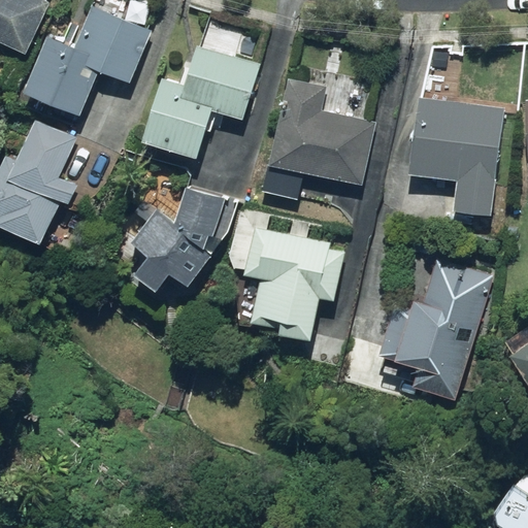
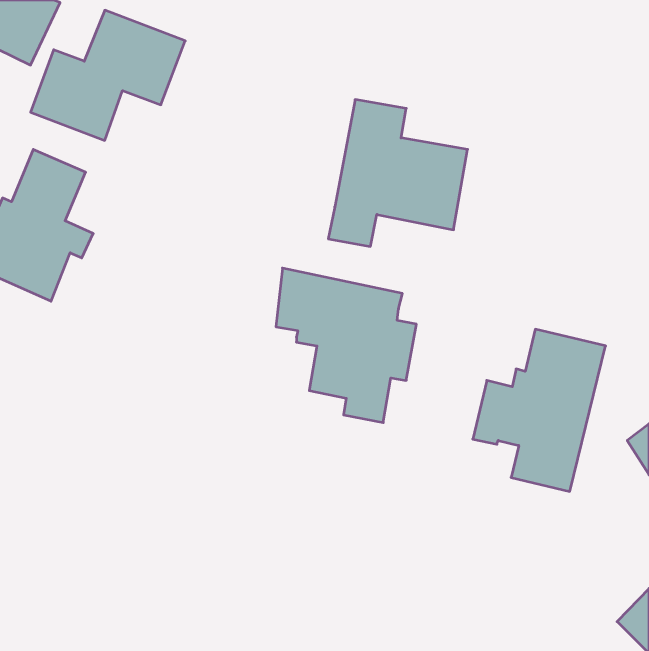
building: [154,40,271,151] -> none
building: [410,99,502,214] -> none
building: [130,188,220,285] -> none

